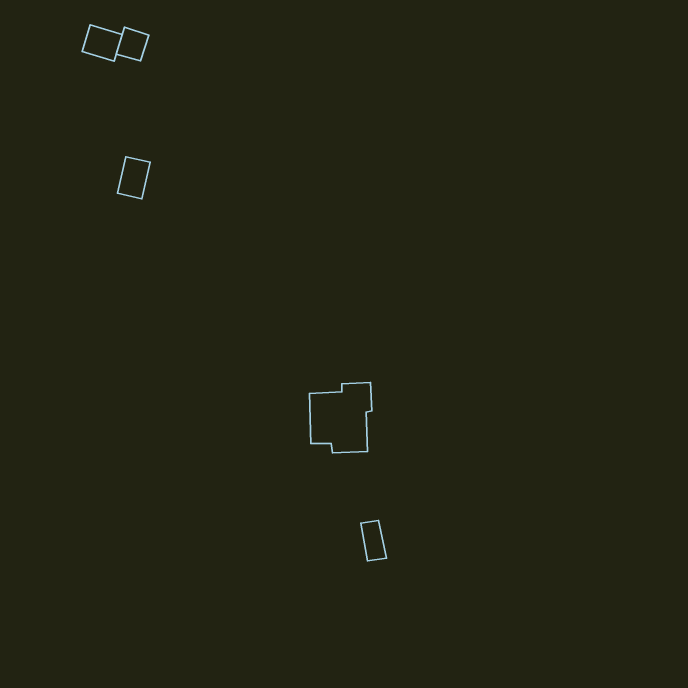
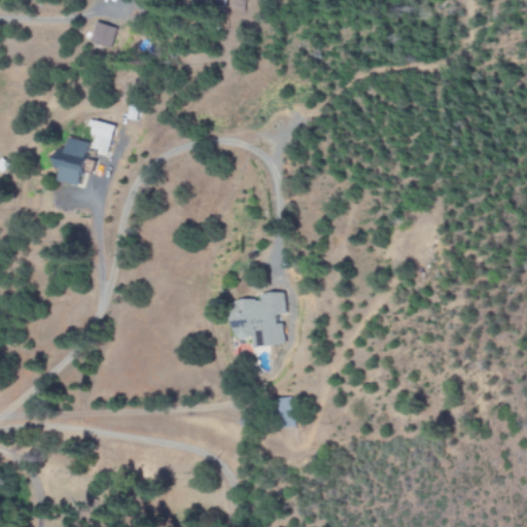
building: [82,25,122,61] -> none
building: none -> [59,136,91,185]

